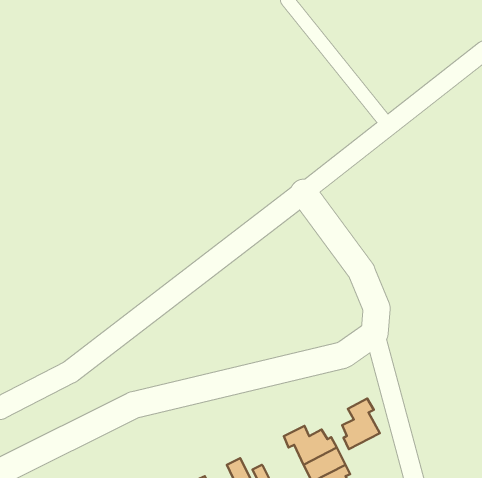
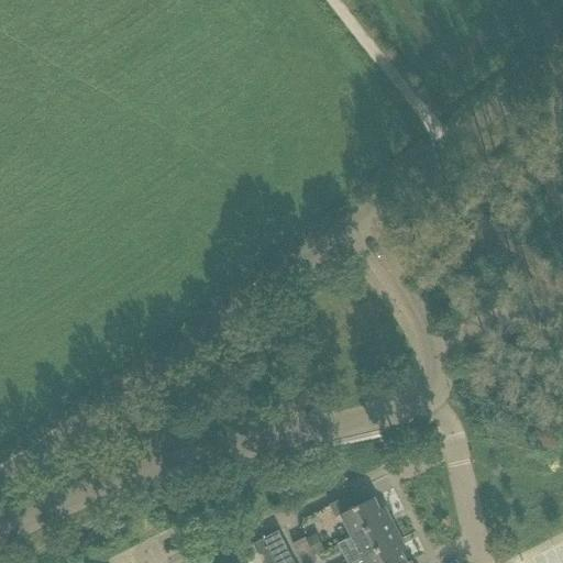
building: [342,399,380,449] -> none

